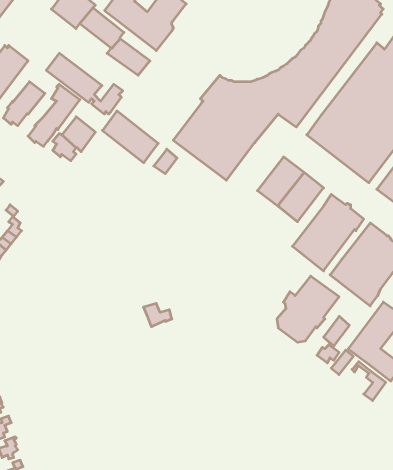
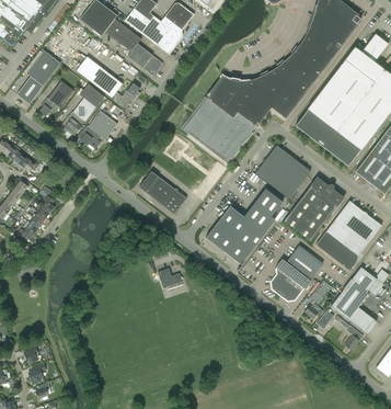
building: [102,111,158,163] -> [139,170,186,214]
building: none -> [206,188,283,263]

